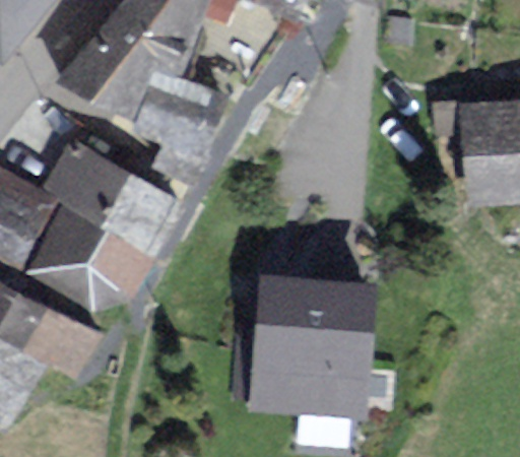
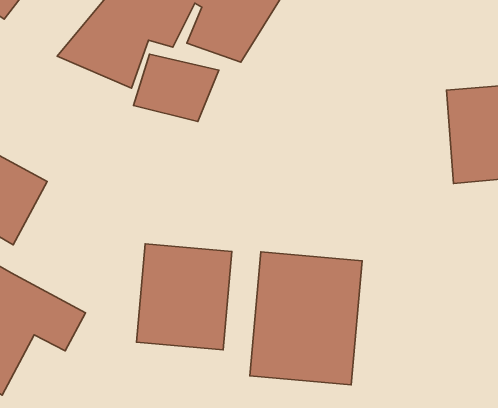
building: [32,144,178,304] -> none
building: none -> [136,244,232,350]

